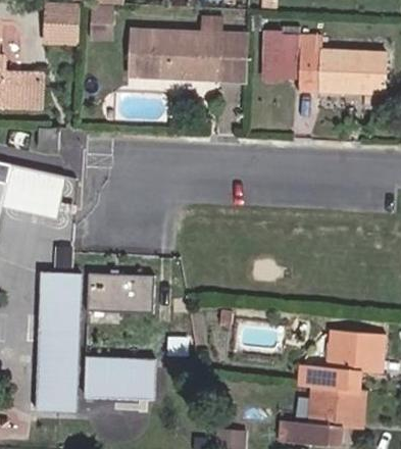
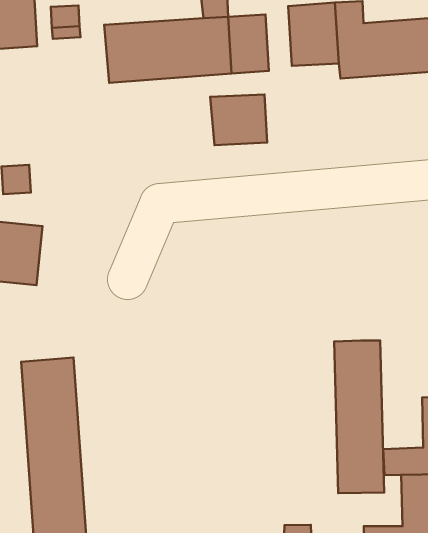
building: none -> [210,95,267,145]
building: [87,273,153,313] -> none
building: none -> [334,341,384,493]
building: [85,357,156,399] -> none

